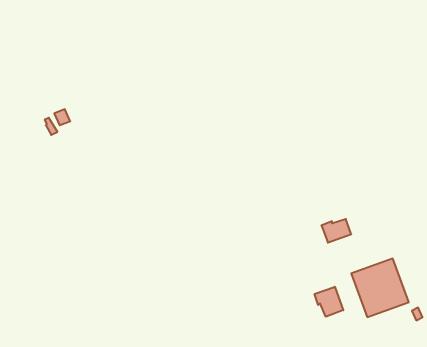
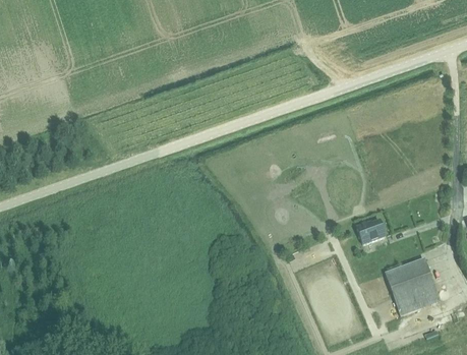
building: [315,287,343,317] -> none

